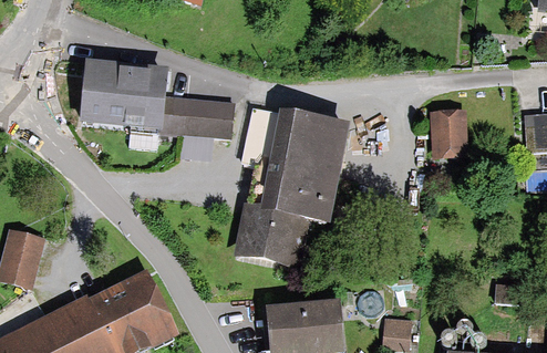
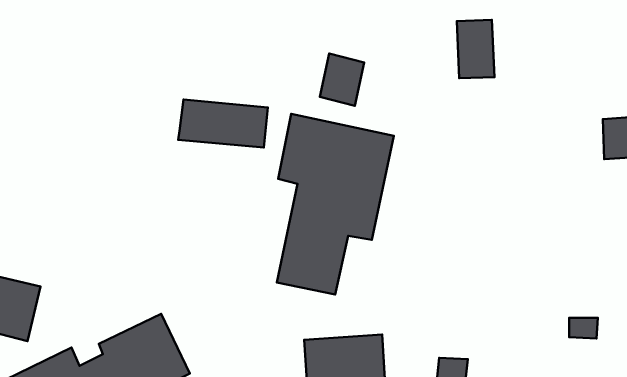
building: none -> [320,53,364,106]
building: [89,69,169,124] -> none
building: [432,107,464,157] -> [457,20,494,78]

